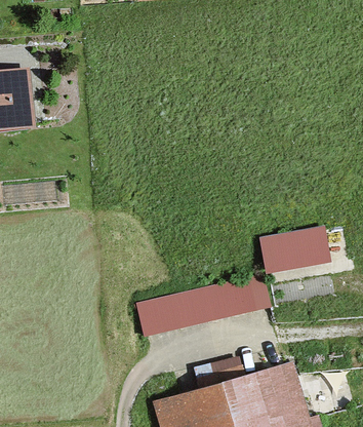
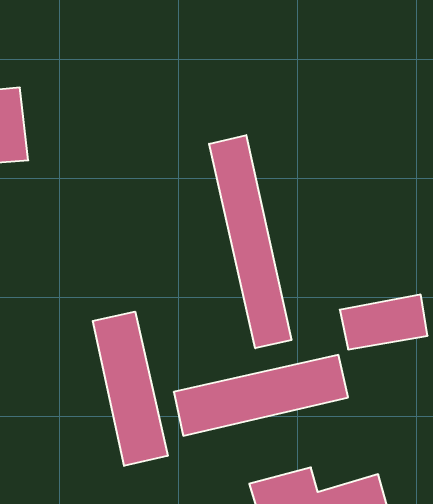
building: none -> [209,135,291,348]
building: none -> [93,312,168,466]

